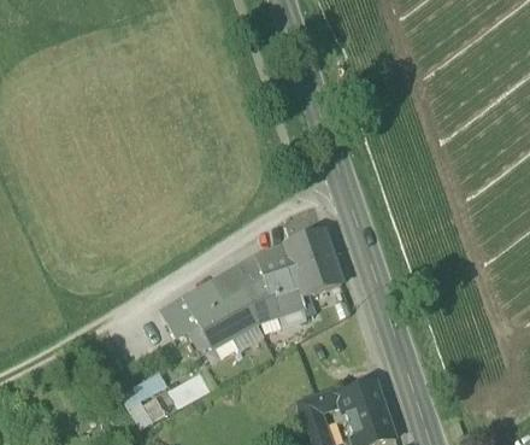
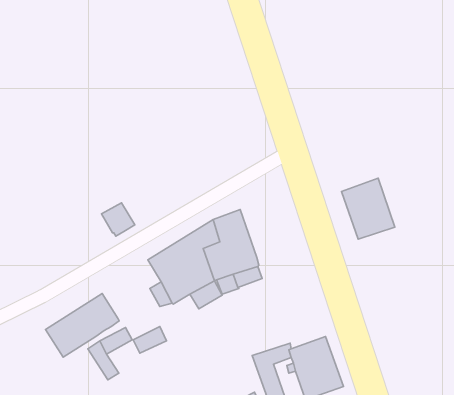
building: [283,228,341,294] -> [341,178,395,239]
building: [161,297,198,333] -> [101,203,135,236]
building: none -> [46,293,119,357]

